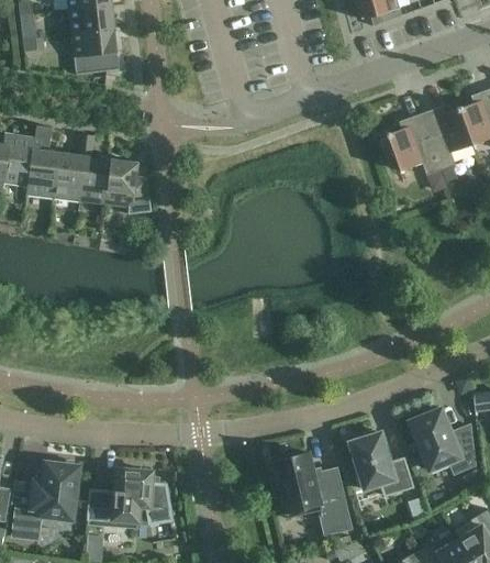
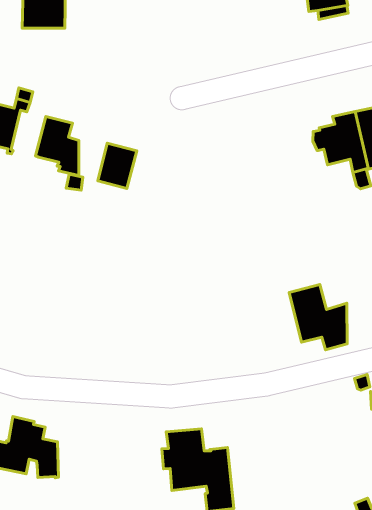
building: [80,156,111,205] -> none
building: none -> [98,143,137,188]
building: [410,409,475,474] -> [289,285,347,350]
building: [348,430,412,496] -> none

